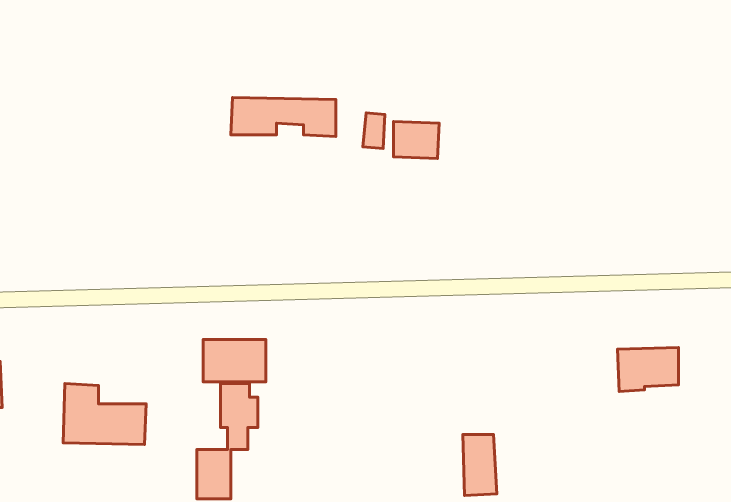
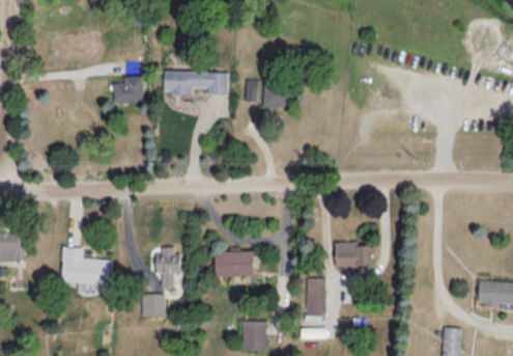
building: none -> [113,77,144,104]
building: [203,339,266,382] -> [216,251,254,277]
building: [618,348,679,392] -> [335,243,372,270]

